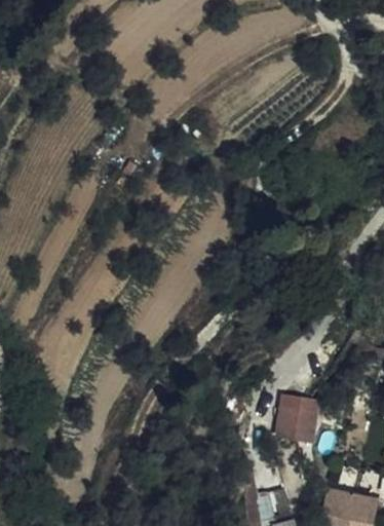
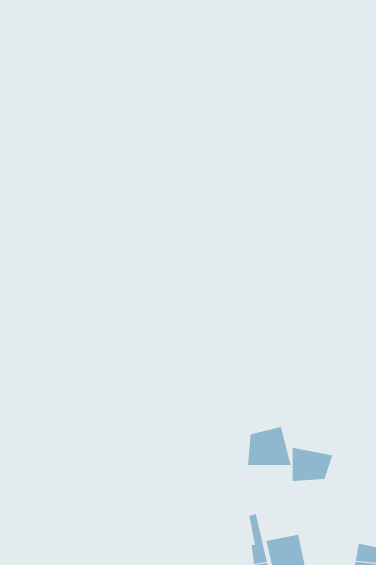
building: none -> [247,426,291,466]

